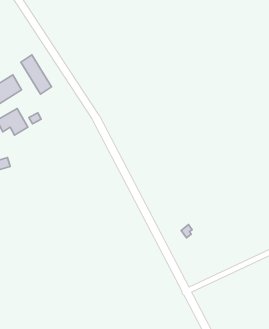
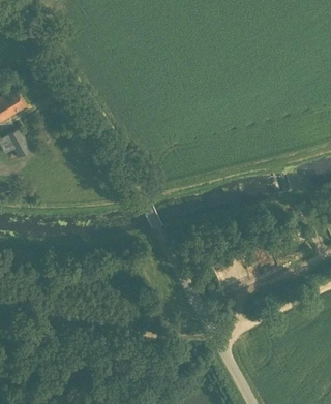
building: [21,55,52,94] -> none

